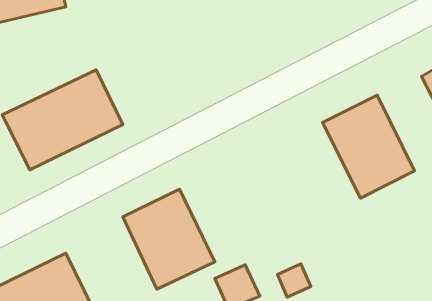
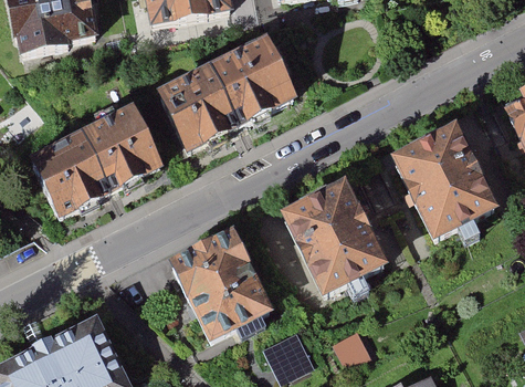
building: none -> [156,32,298,149]
building: none -> [277,189,381,305]

